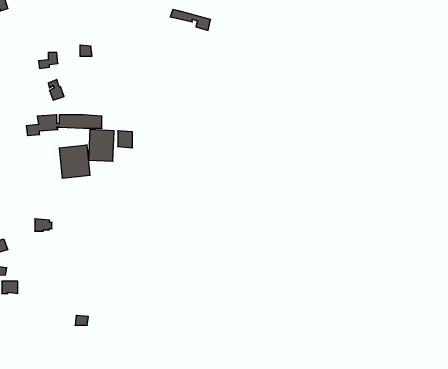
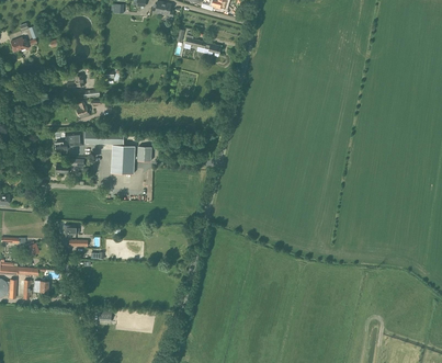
building: [59,145,90,178] -> none

